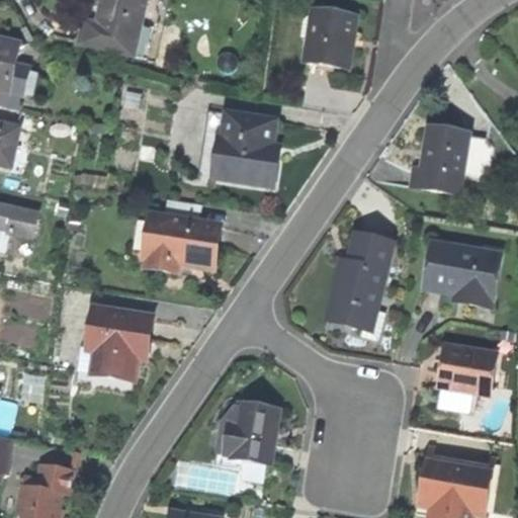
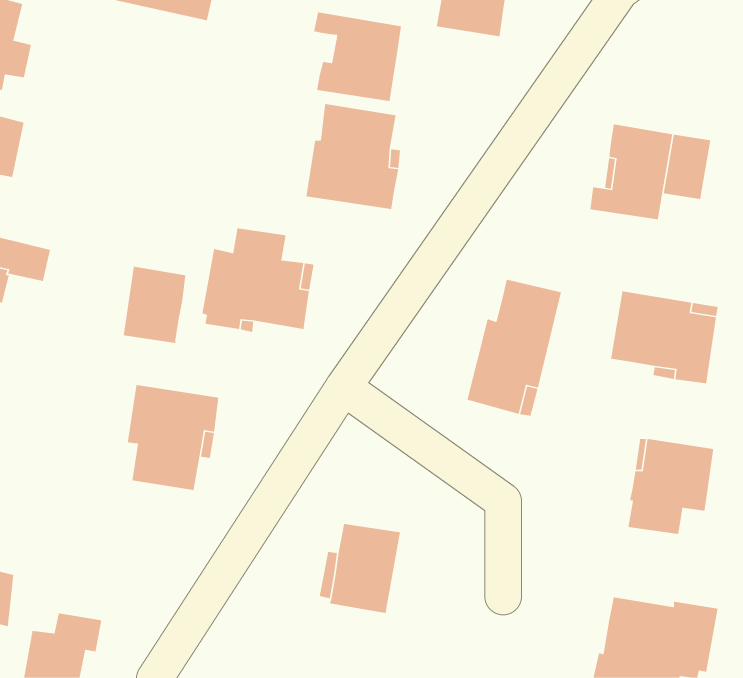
building: none -> [313,11,402,102]
building: none -> [123,266,186,344]

